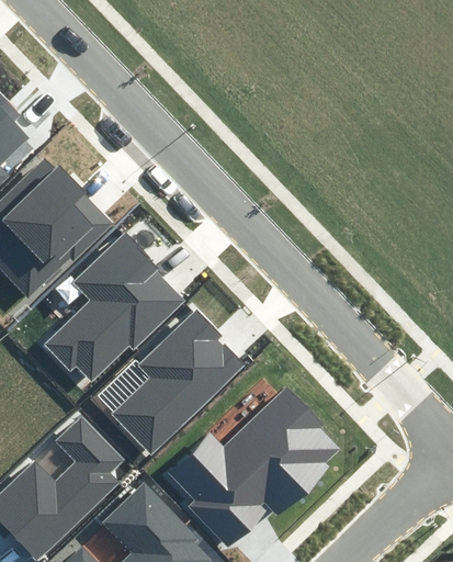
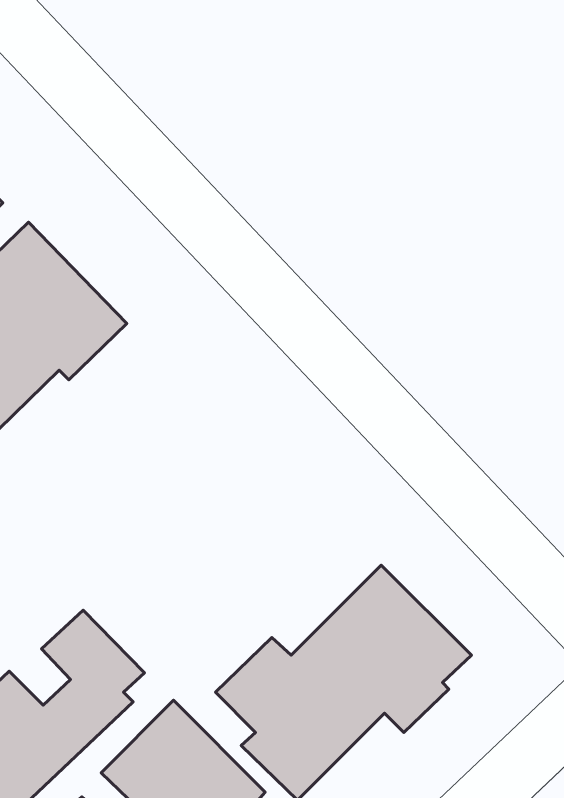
building: [43,228,183,381] -> none
building: [106,311,248,460] -> none

